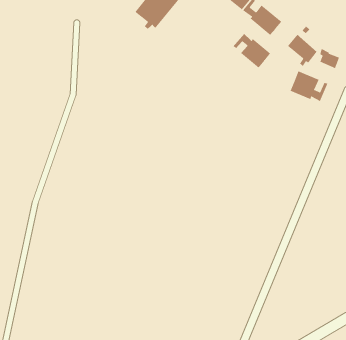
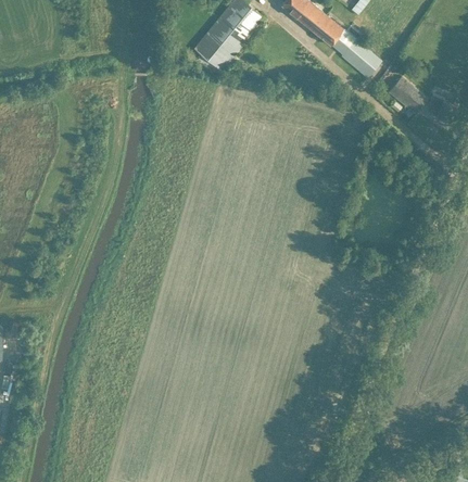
building: [233,33,271,68] -> none
building: [290,70,328,102] -> none

